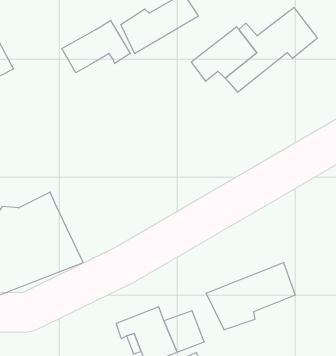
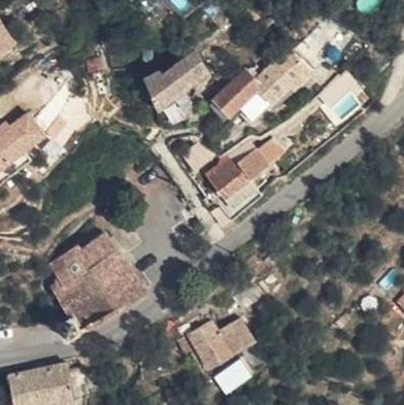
building: [62,20,130,73] -> none
building: none -> [209,143,271,214]
building: [206,262,295,330] -> none

